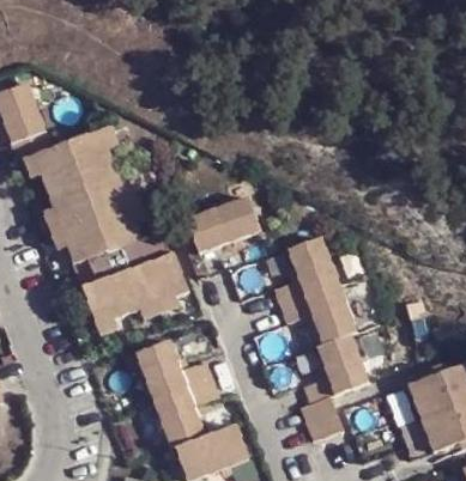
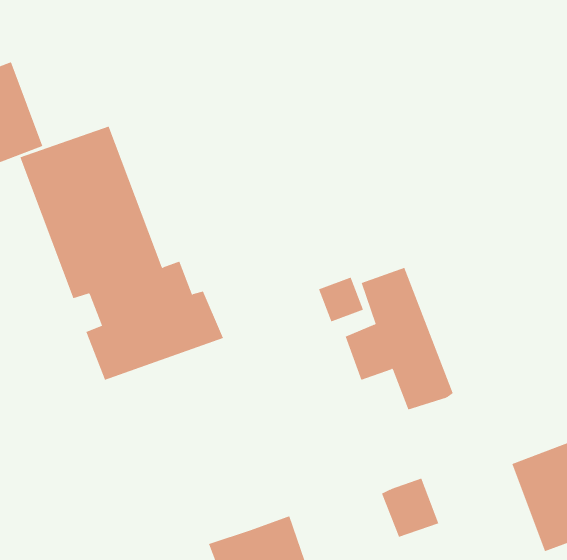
building: [188,199,264,256] -> none
building: [307,339,374,408] -> none
building: [134,341,217,451] -> none

